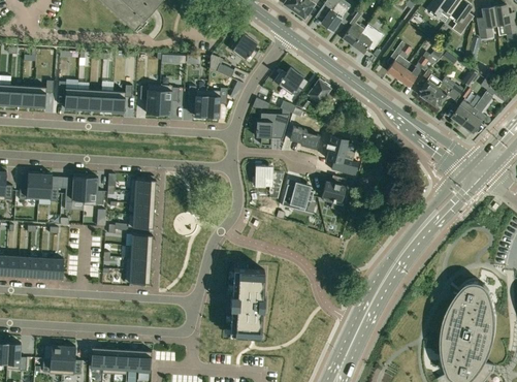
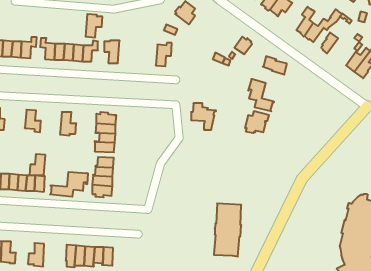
building: [273,68,303,94] -> none
building: [426,78,461,107] -> none
building: [158,85,180,115] -> [86,14,102,37]
building: [188,86,208,117] -> none
building: [255,114,290,146] -> none
building: [289,126,320,150] -> [263,56,287,75]
building: [20,172,40,200] -> none
building: [65,176,86,202] -> [29,154,45,175]
building: [282,182,314,212] -> none
building: none -> [50,172,88,197]
building: [229,268,264,337] -> [214,203,241,256]
building: [62,346,82,376] -> none

